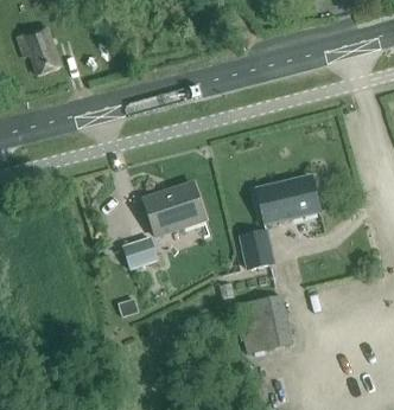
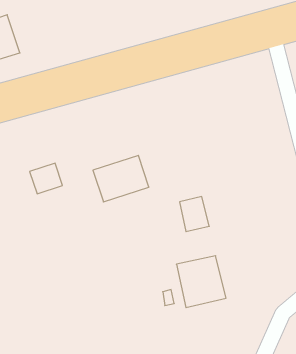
building: [258,175,320,224] -> none
building: [122,235,159,269] -> [30,163,62,194]

